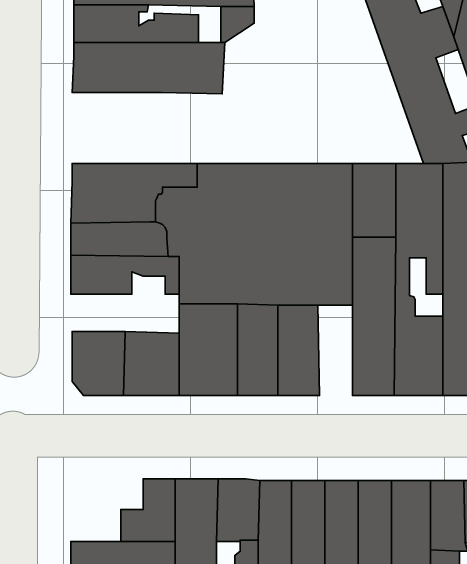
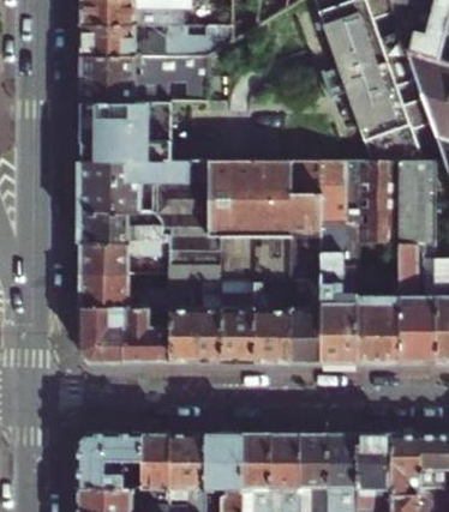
building: none -> [78,101,155,162]
building: none -> [77,275,170,308]
building: none -> [291,284,321,362]
building: none -> [77,434,139,488]

